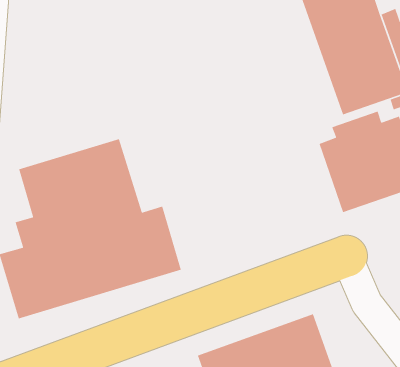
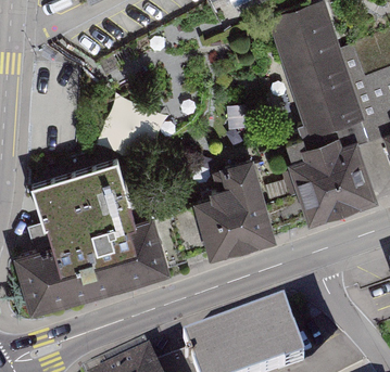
building: none -> [193,155,276,255]

